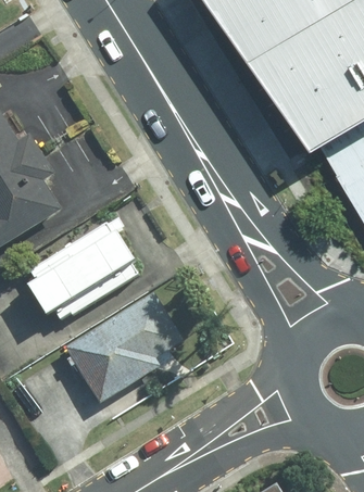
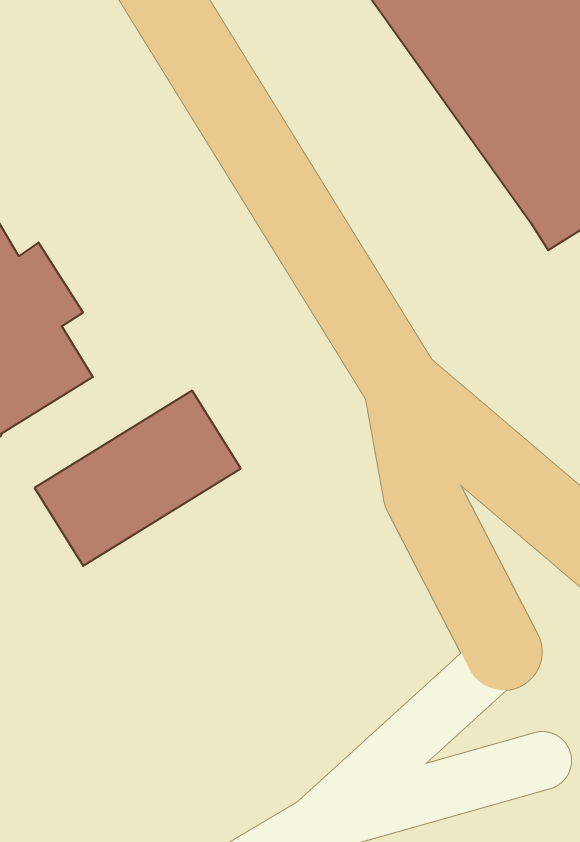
building: [60,297,176,406] -> none

